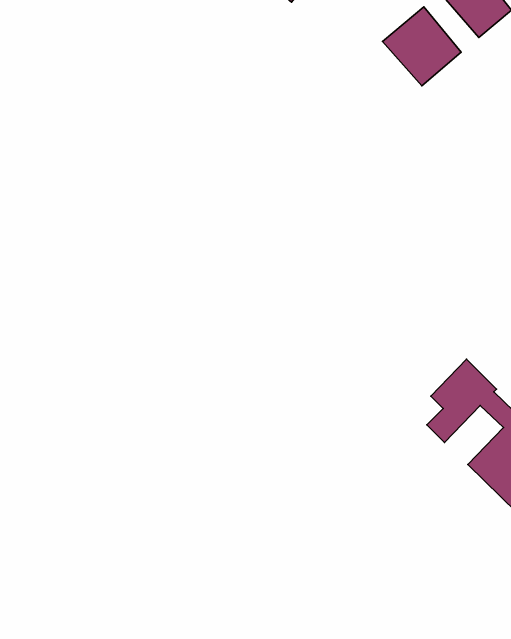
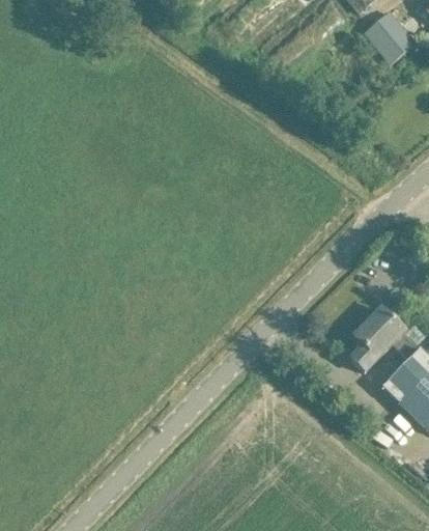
building: [382,7,461,86] -> none

